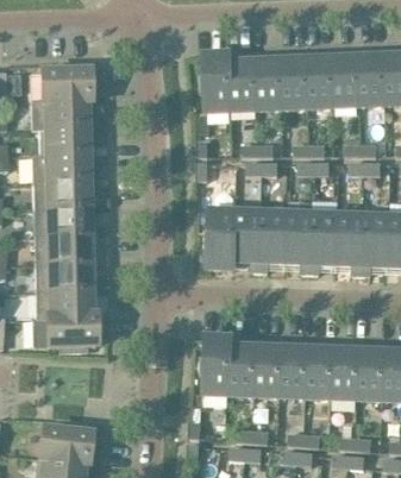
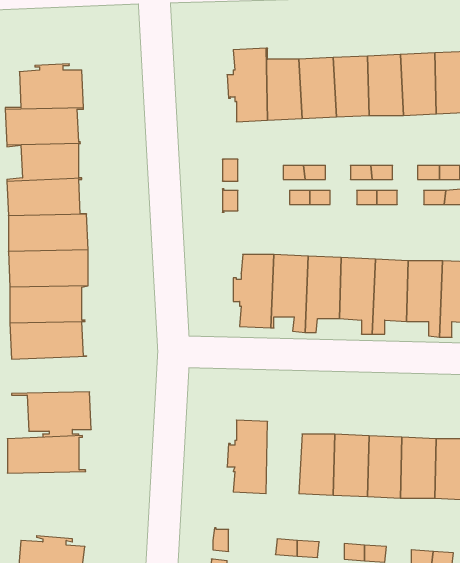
building: [36,289,95,317] -> [7,436,86,473]
building: [230,339,257,394] -> none

